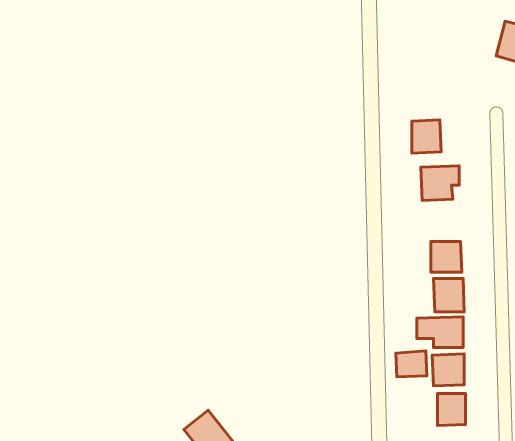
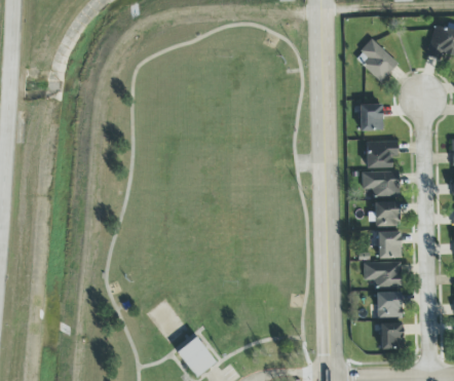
building: none -> [355,38,399,81]
building: none -> [362,170,400,195]
building: [396,351,427,377] -> none

